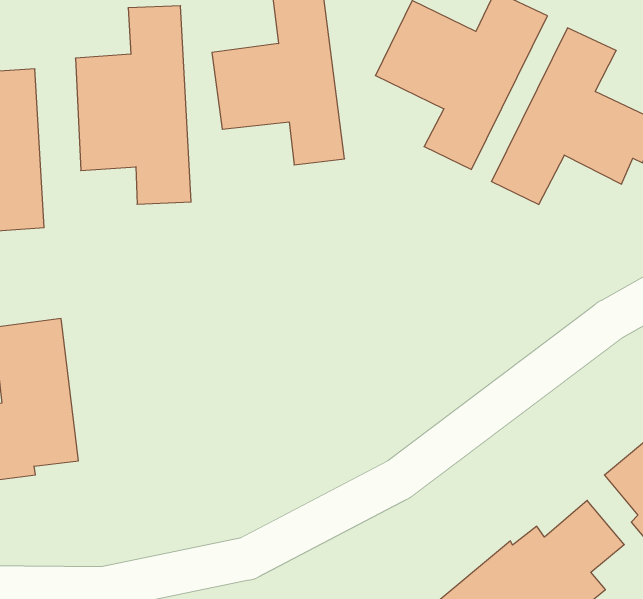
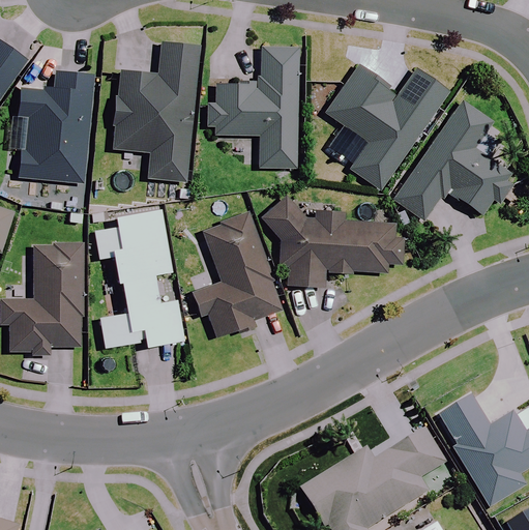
building: none -> [260,194,404,285]
building: none -> [196,214,282,336]
building: none -> [94,206,184,347]

